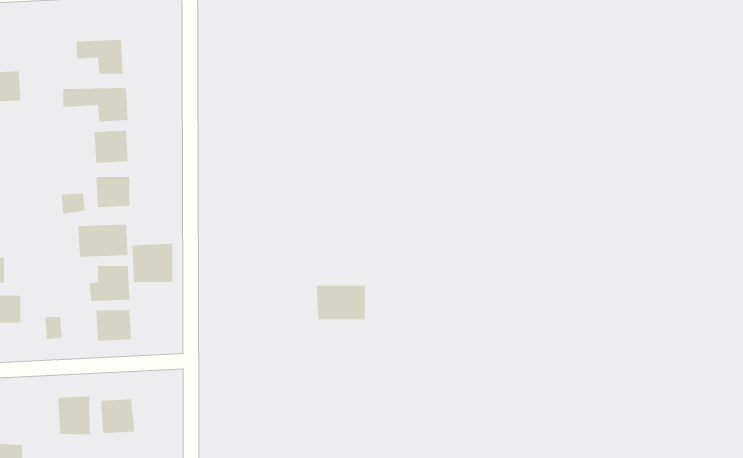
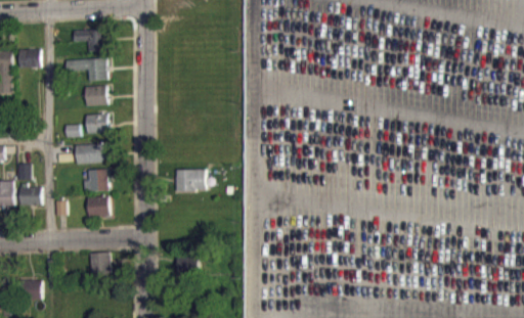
building: [132,243,173,283] -> none
building: [316,285,365,320] -> [174,169,205,190]
building: [58,396,90,435] -> none

